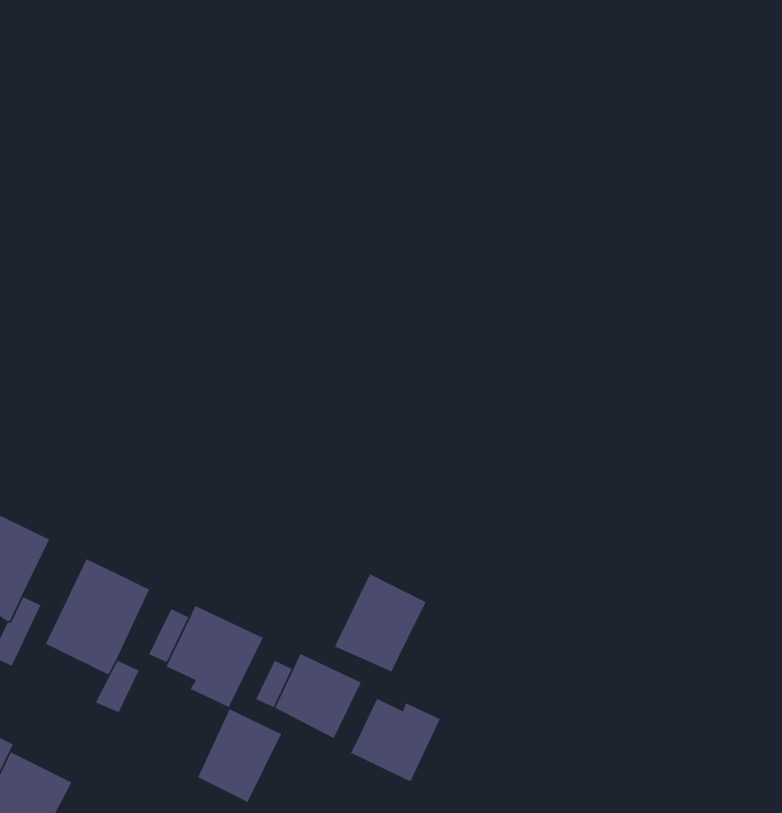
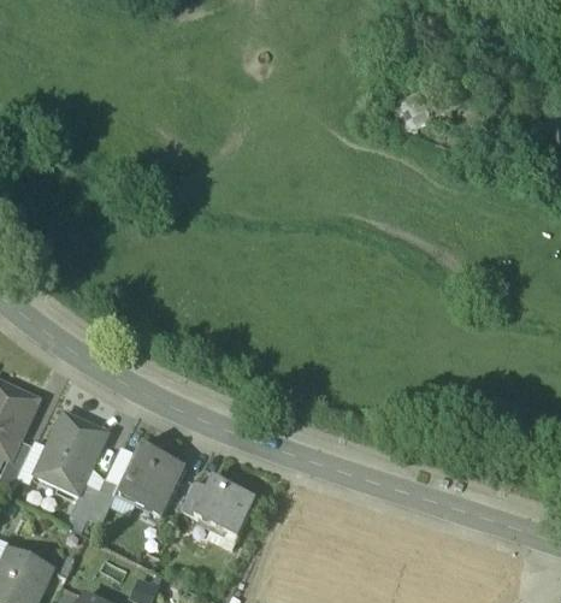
building: [334,573,427,673] -> none
building: [350,698,441,783] -> none
building: [197,708,282,803] -> none

